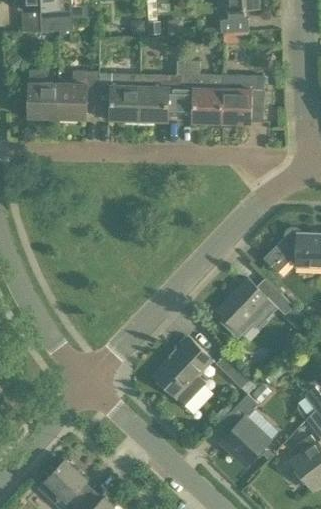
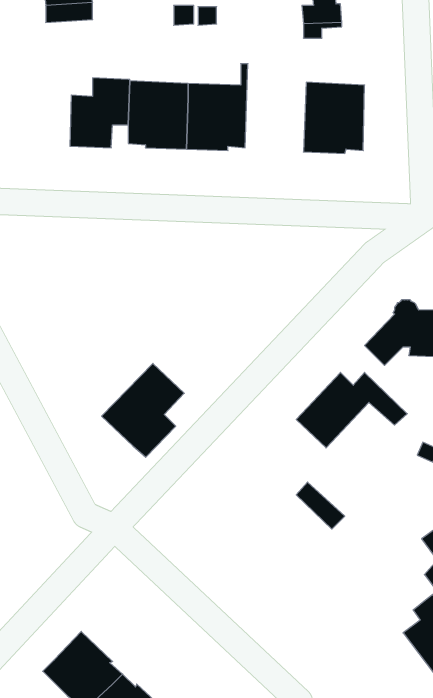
building: [180,61,223,123] -> none
building: [28,70,58,119] -> none
building: [154,339,212,405] -> [102,363,184,457]
building: [220,395,271,466] -> none

